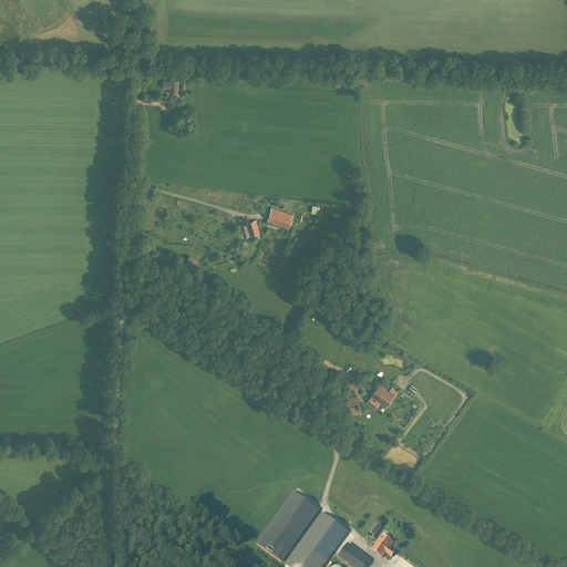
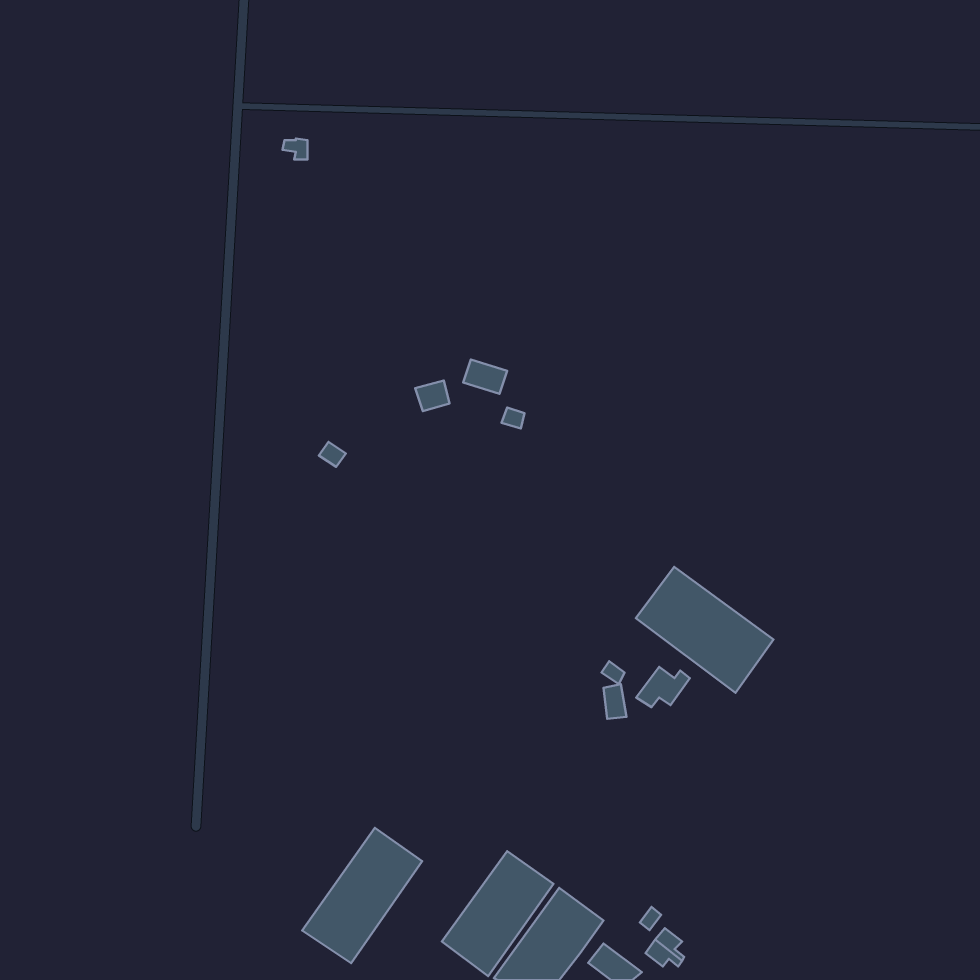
building: none -> [636,567,773,693]
building: none -> [302,828,422,963]

